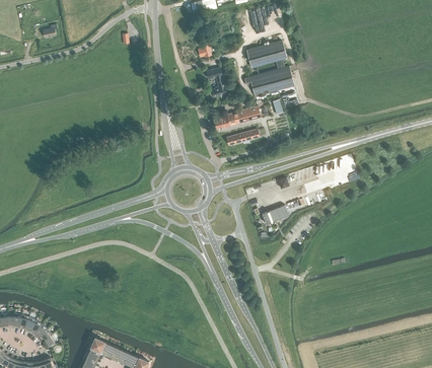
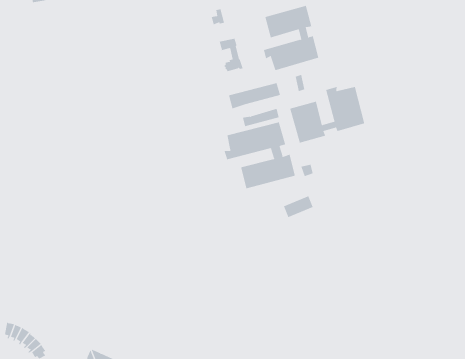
building: none -> [290,86,365,144]
building: none -> [224,122,296,189]

